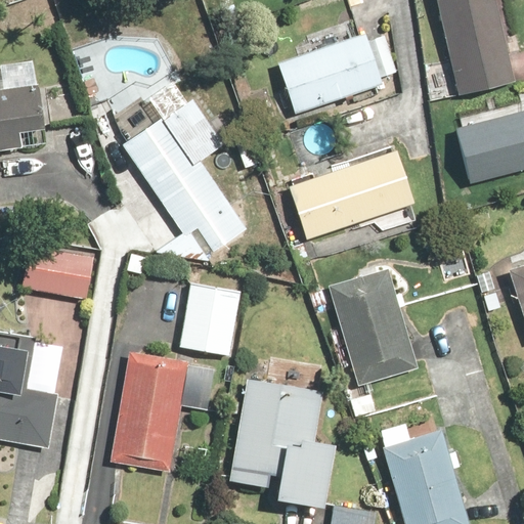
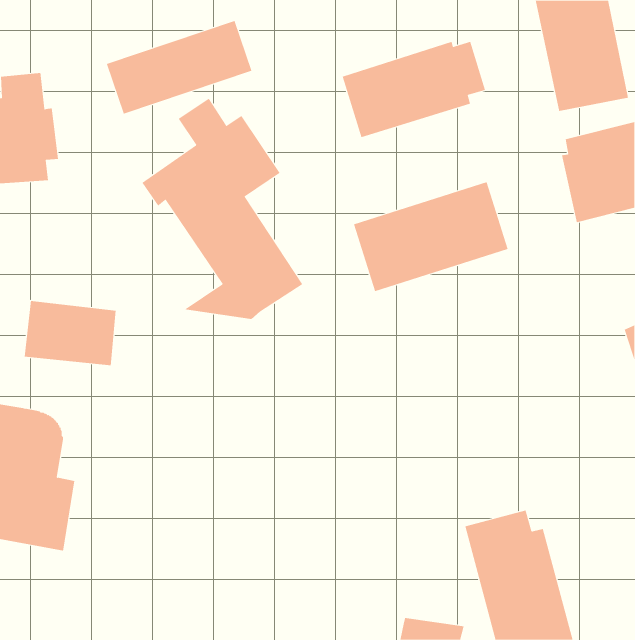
building: none -> [106,20,252,115]
building: [326,267,419,389] -> none
building: [178,282,241,358] -> none
building: [108,353,216,474] -> none
building: [229,361,338,508] -> none

